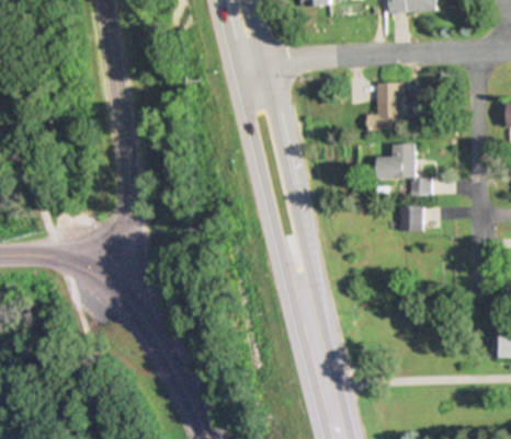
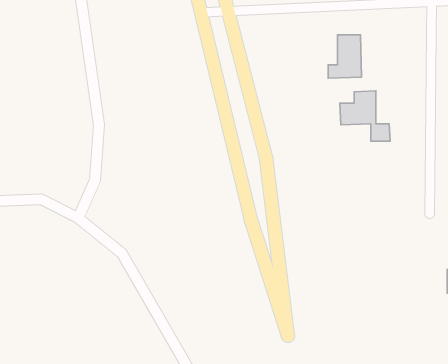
building: [398,206,421,230] -> none

